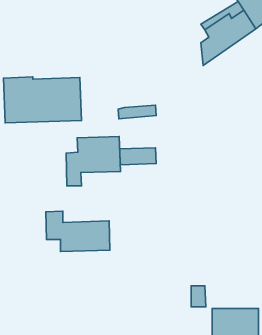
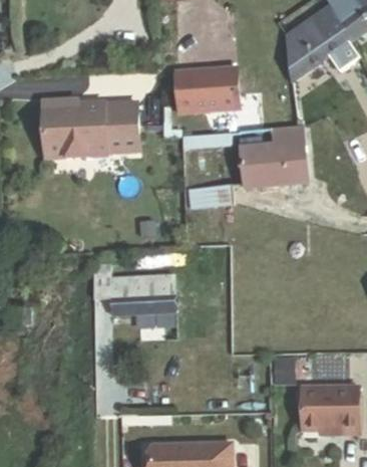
building: none -> [175,67,237,111]
building: none -> [241,125,307,187]
building: [66,137,120,186] -> none

